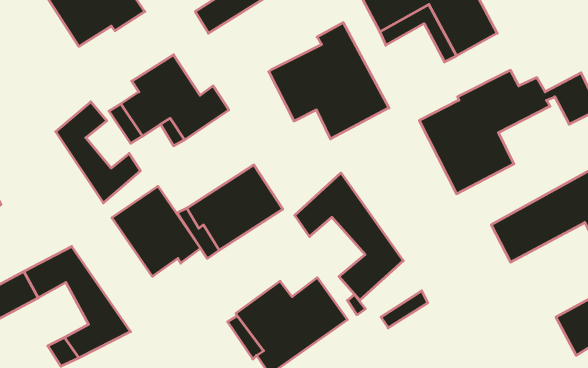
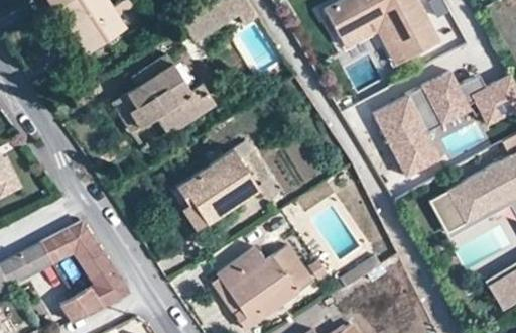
building: [269,23,389,139] -> none
building: [56,102,140,203] -> none
building: [295,173,403,300] -> none
building: [112,186,201,276] -> none

